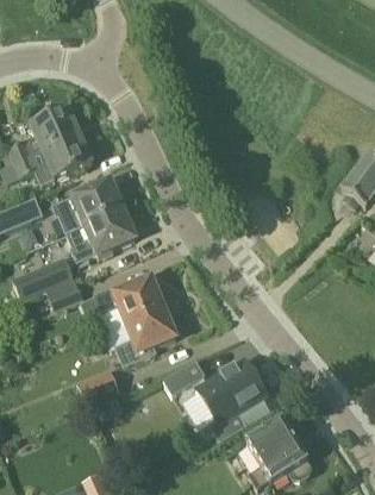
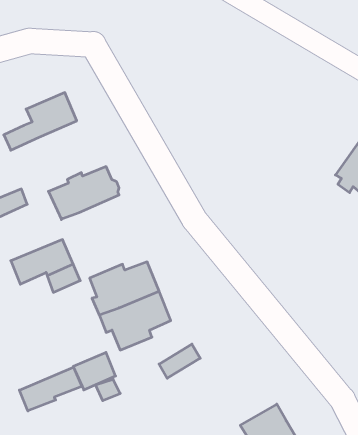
building: [13,134,93,184] -> none
building: [65,209,136,264] -> none
building: [196,359,267,441] -> none
building: none -> [19,367,82,411]

